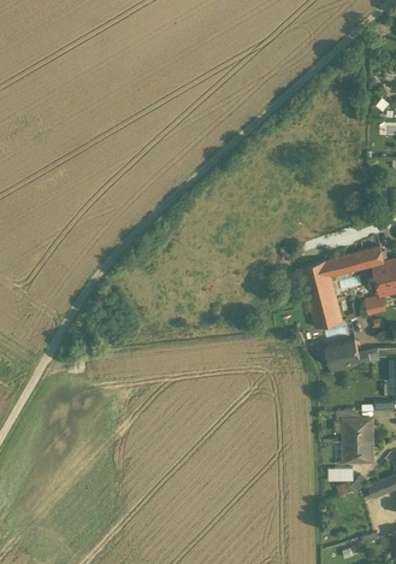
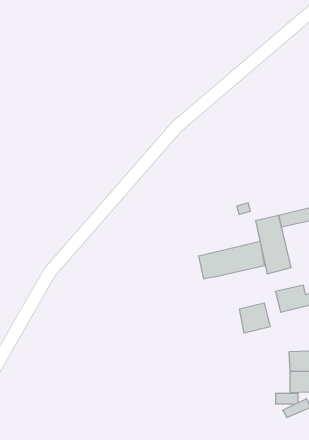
building: none -> [199,241,265,279]
building: none -> [240,303,270,333]

